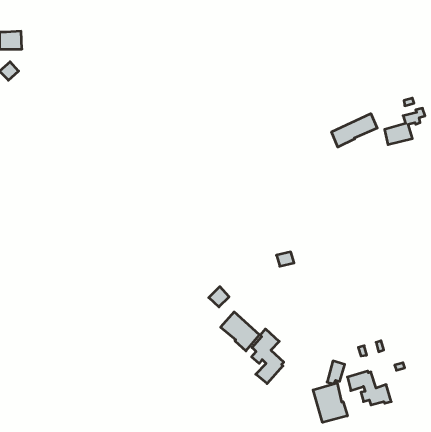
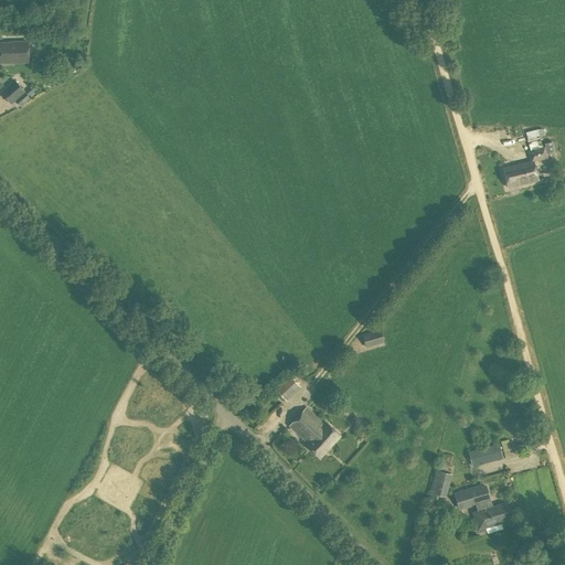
building: [332,114,377,147] -> none
building: [252,329,284,384] -> none
building: [313,383,347,422] -> none

